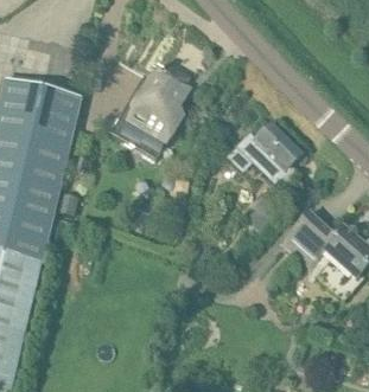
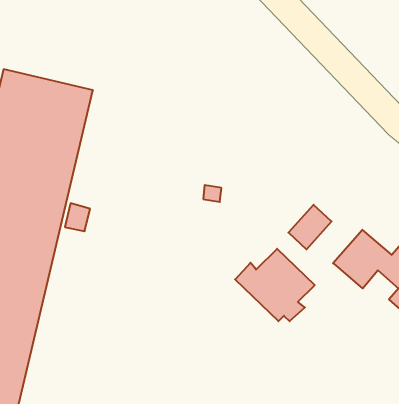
building: [127,68,182,155] -> none
building: [237,118,305,180] -> [235,249,315,321]

